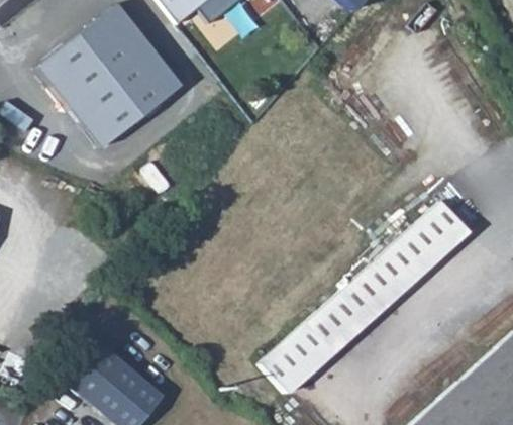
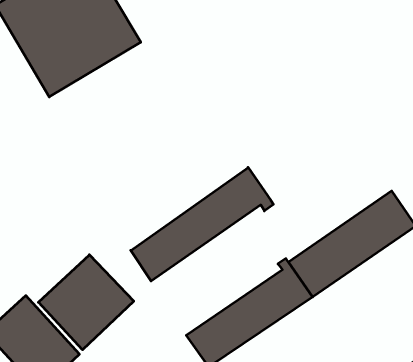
building: none -> [131,167,273,281]
building: none -> [38,255,134,350]

